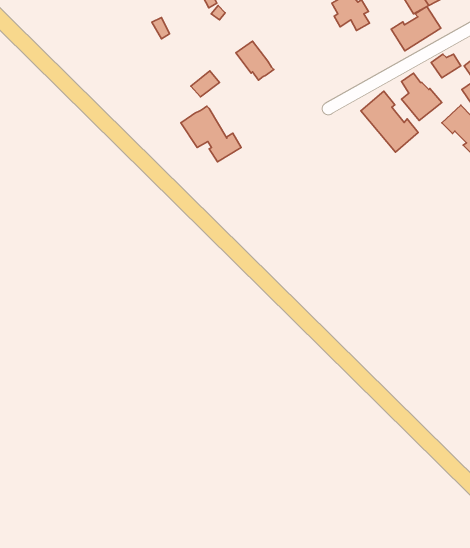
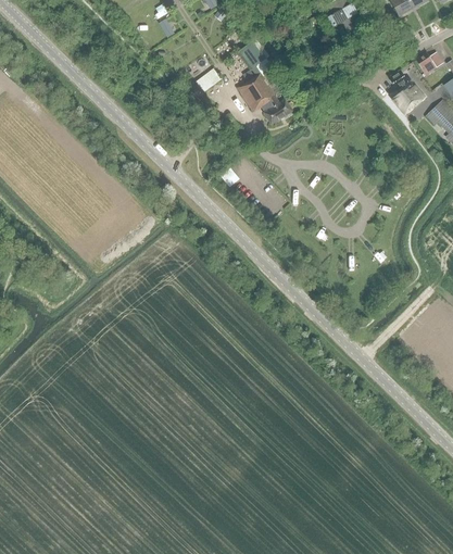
building: [391,7,441,51] -> none
building: [361,91,418,152] -> none
building: [181,106,241,162] -> [237,73,292,124]

